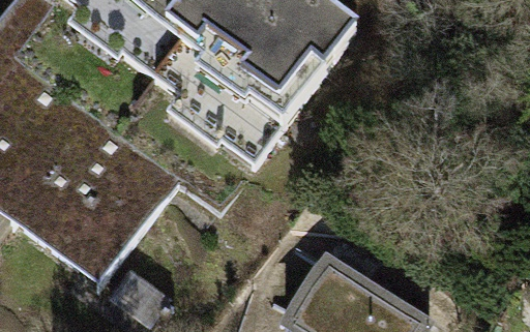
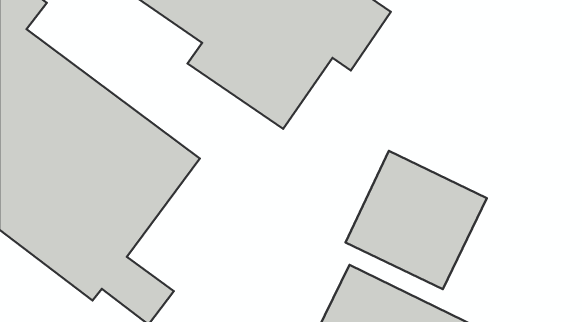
building: none -> [345,151,487,289]

